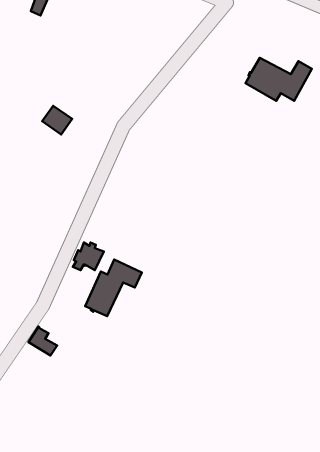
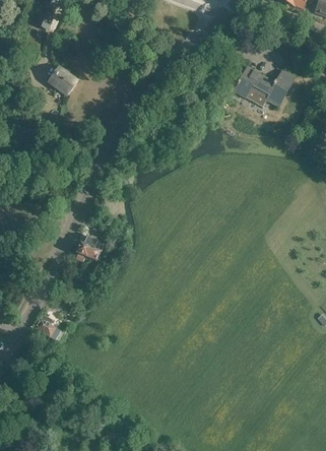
building: [42,106,72,134] -> [49,67,76,93]
building: [85,260,142,316] -> none

